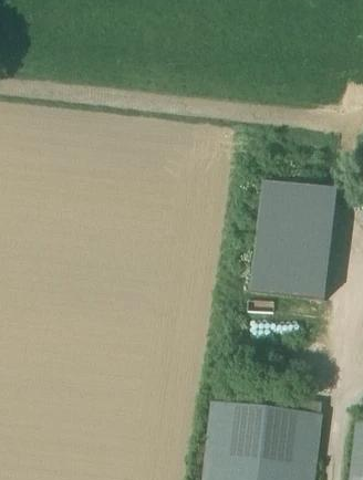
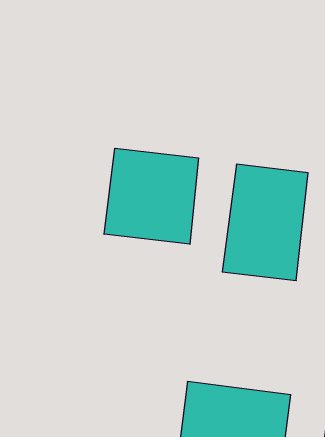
building: none -> [104,148,198,244]

